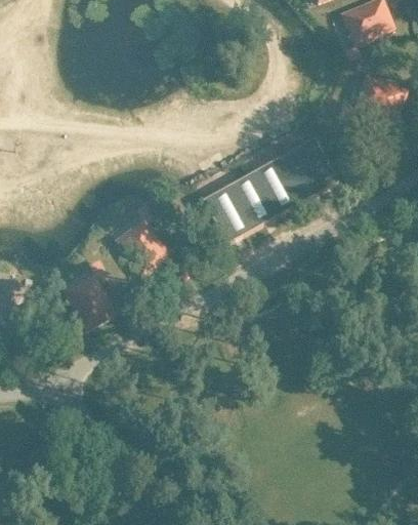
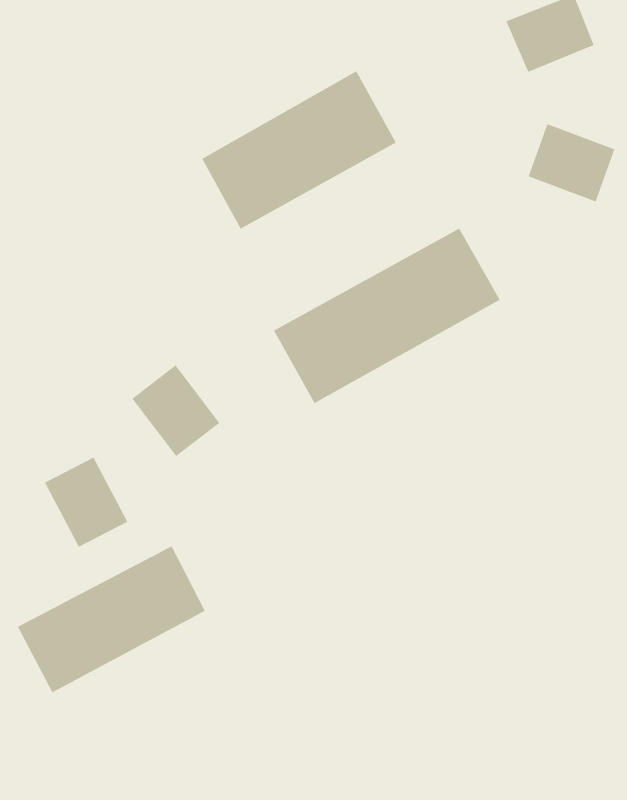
building: none -> [201,71,397,230]
building: none -> [17,546,206,693]

